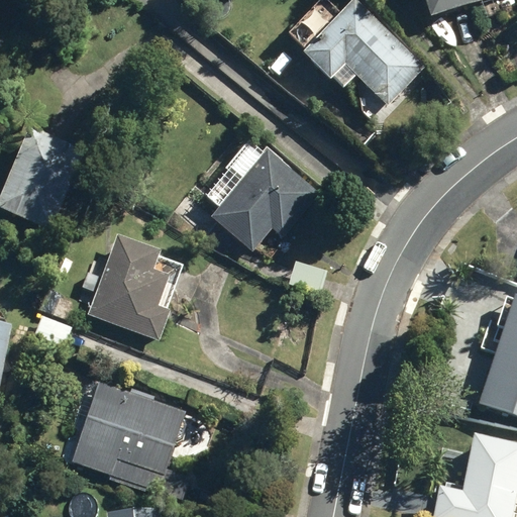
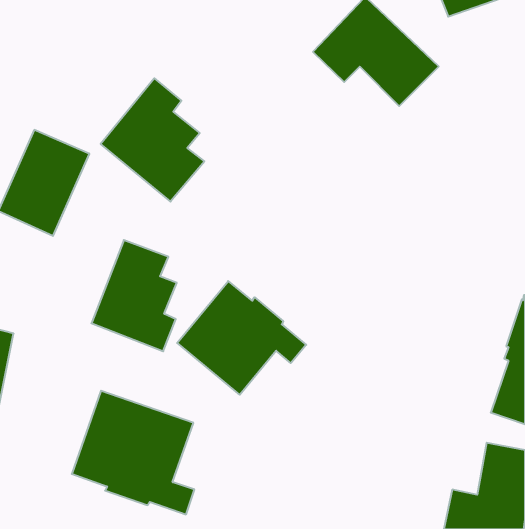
building: none -> [101,78,204,202]
building: [210,149,320,253] -> none
building: none -> [177,281,306,395]

